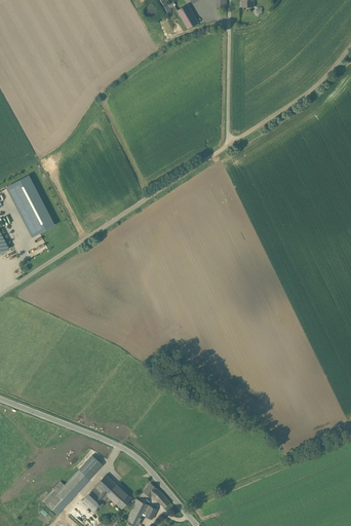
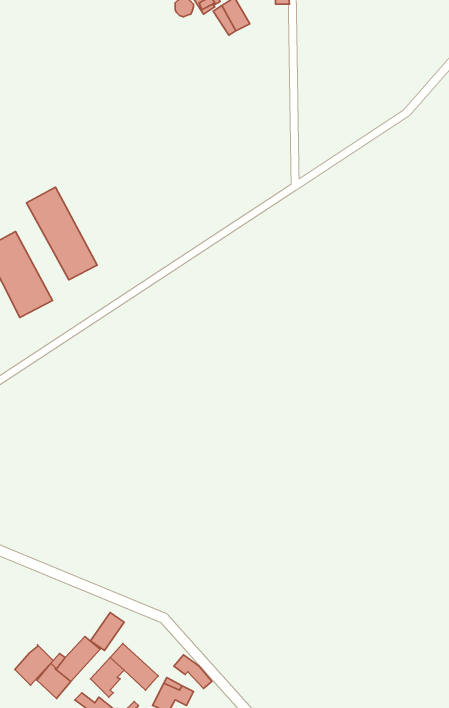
building: none -> [27,187,97,280]
building: none -> [15,645,53,685]

